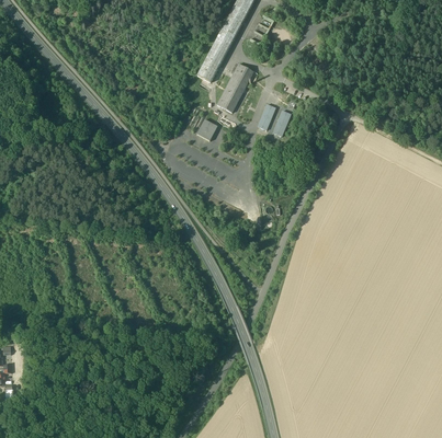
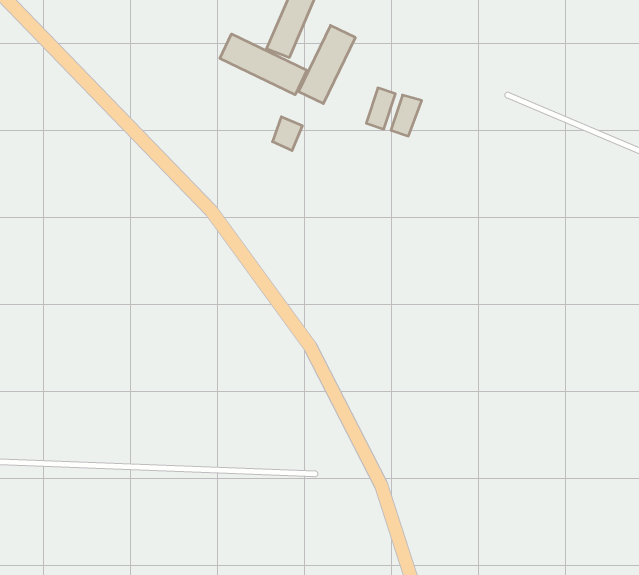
building: none -> [220,34,307,95]

